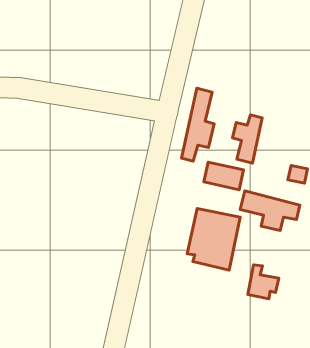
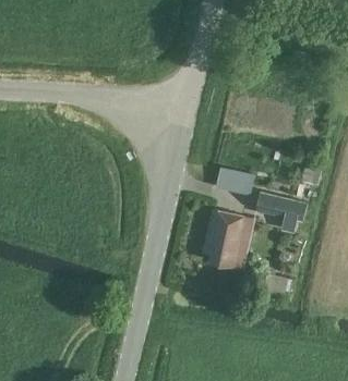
building: [182,88,214,161] -> none
building: [232,115,262,163] -> none

